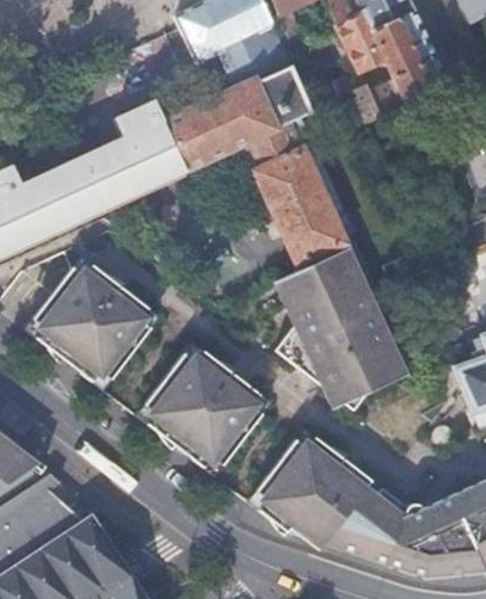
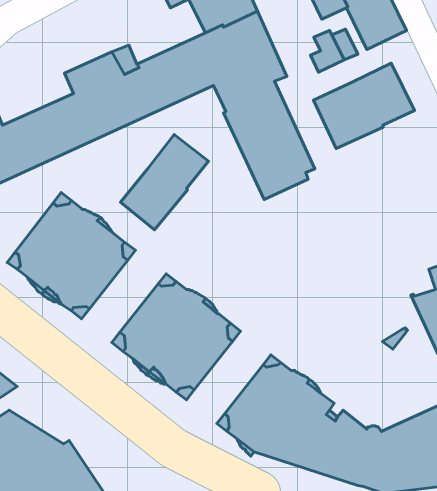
building: none -> [314,63,414,149]
building: none -> [121,135,209,230]
building: [277,242,406,409] -> none

